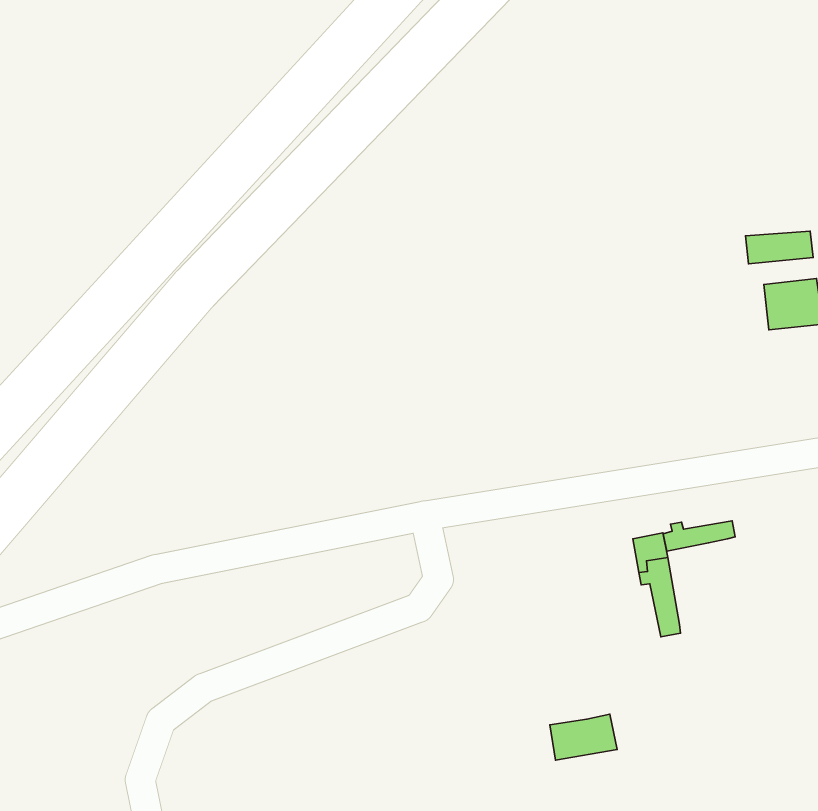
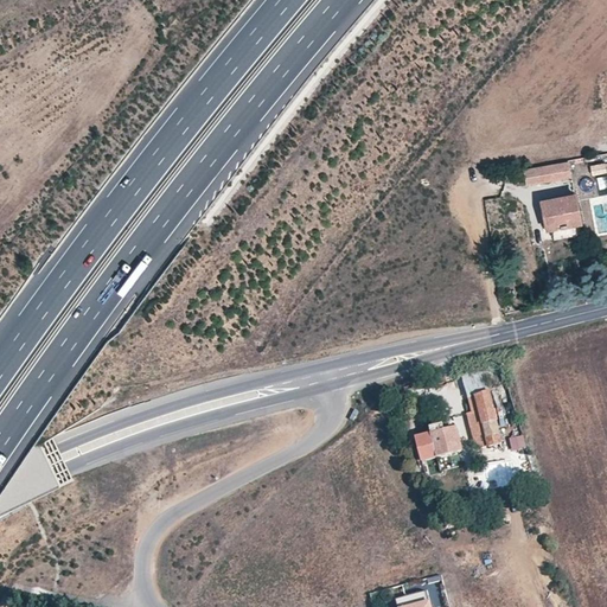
building: [663,521,735,551] -> none
building: [550,714,617,760] -> [415,426,462,460]

